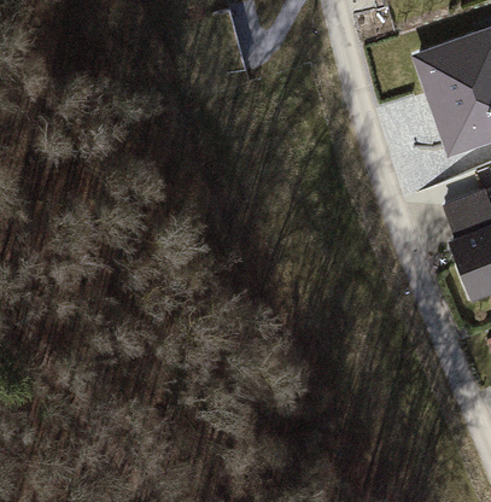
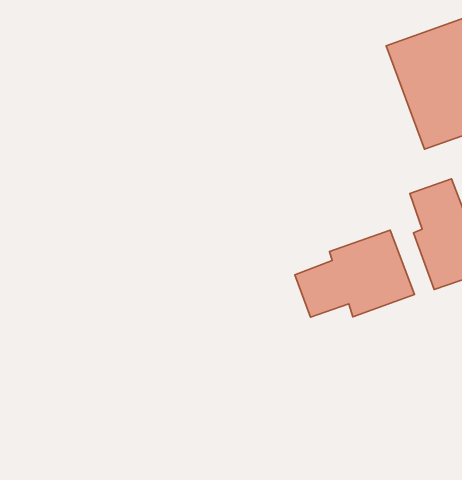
building: none -> [295,230,415,317]

